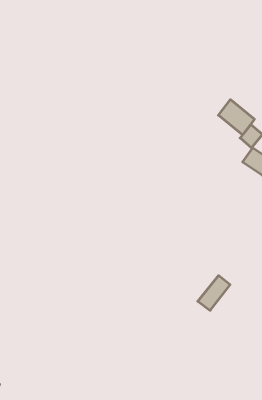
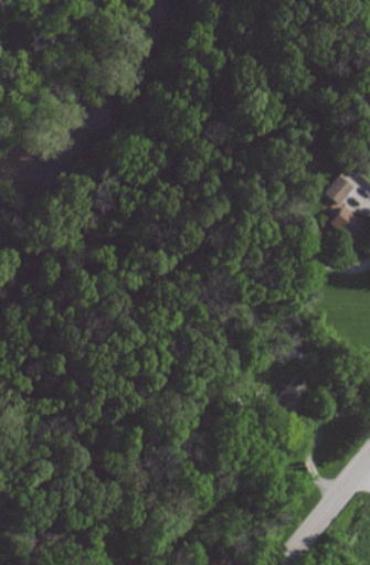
building: [218,100,254,135] -> none

